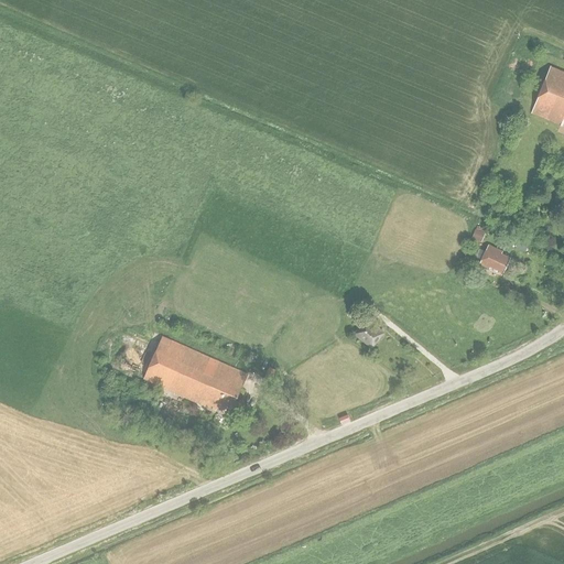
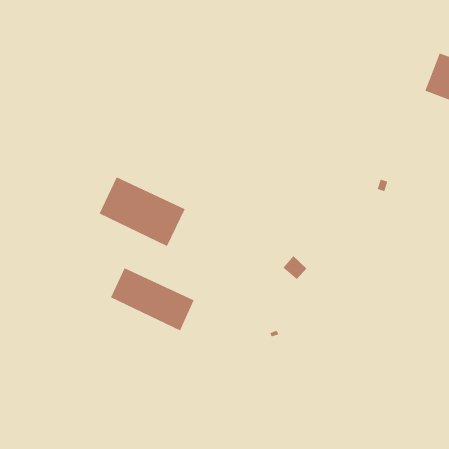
building: none -> [99,177,186,247]
building: [481,248,513,274] -> none

